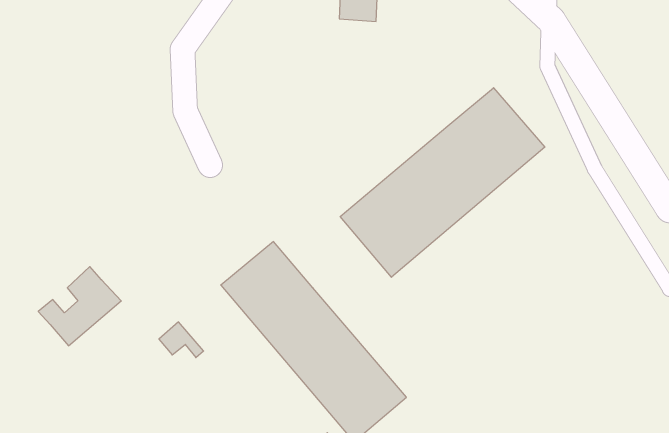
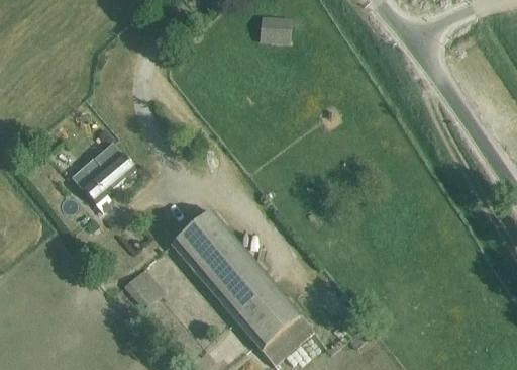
building: [340,88,545,277] -> none
building: [38,267,121,346] -> [72,142,135,202]

